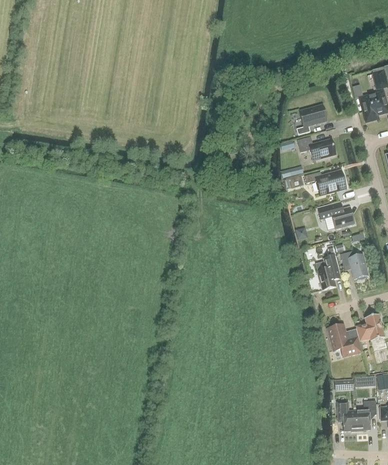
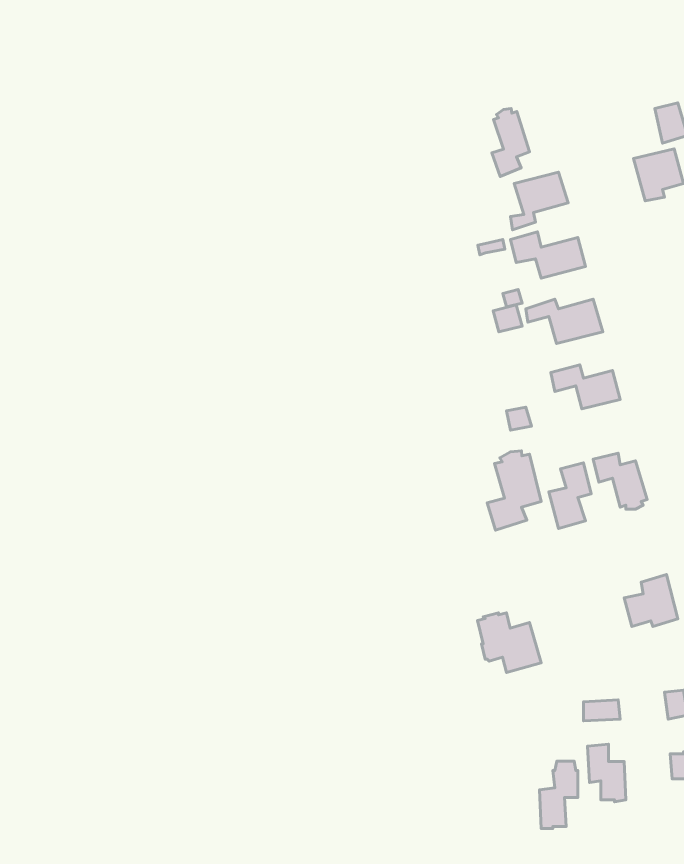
building: none -> [492,109,530,176]
building: none -> [487,451,541,530]
building: [328,324,361,355] -> [477,613,541,673]
building: [356,395,376,430] -> [539,761,578,828]

